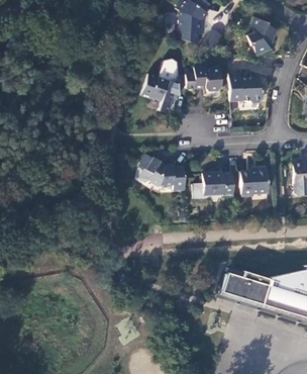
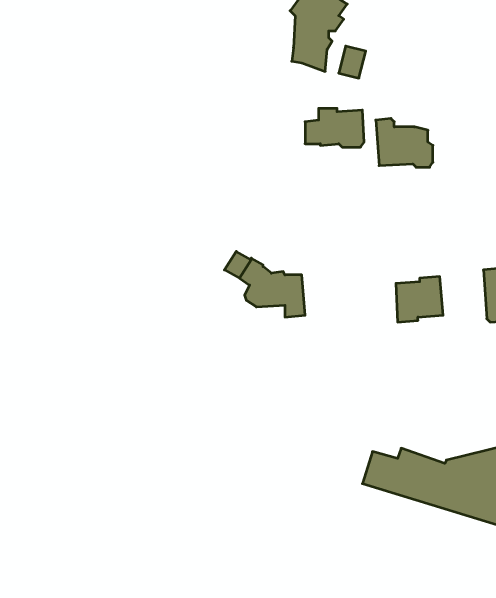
building: [246,17,278,55] -> none
building: [141,59,180,113] -> none
building: [202,172,234,196] -> none

